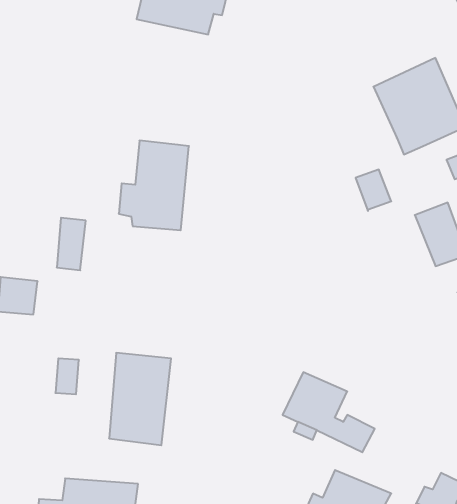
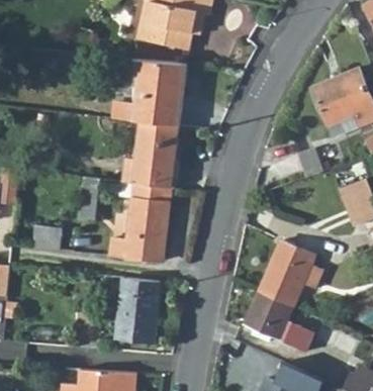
building: none -> [110,61,180,127]
building: none -> [112,186,170,263]
building: none -> [259,235,333,307]

